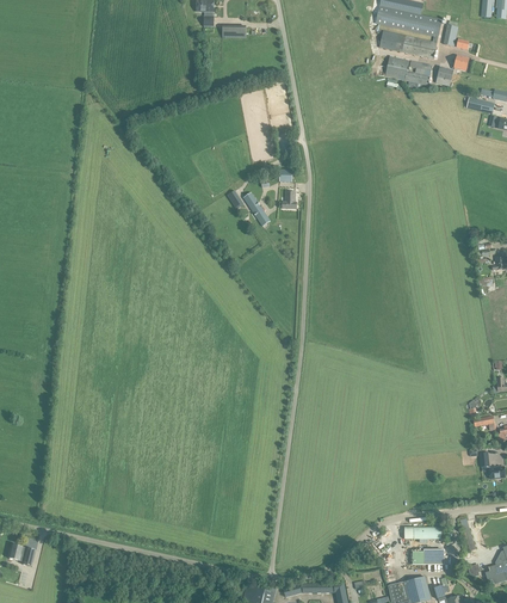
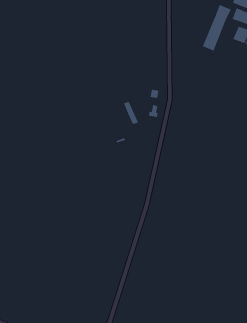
building: none -> [202,4,231,51]

